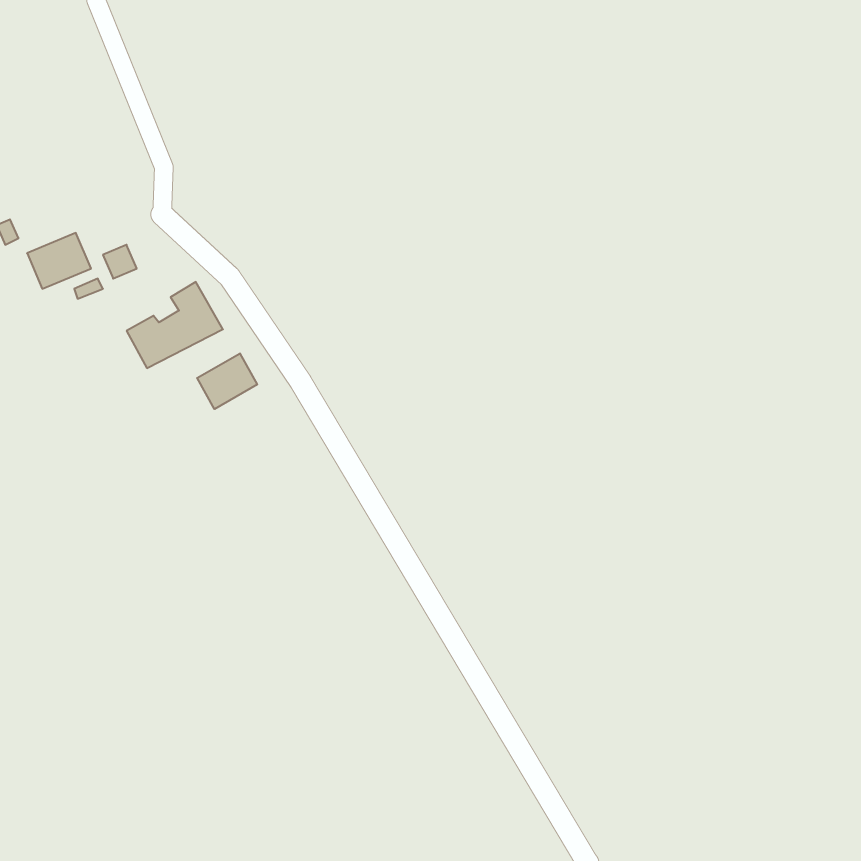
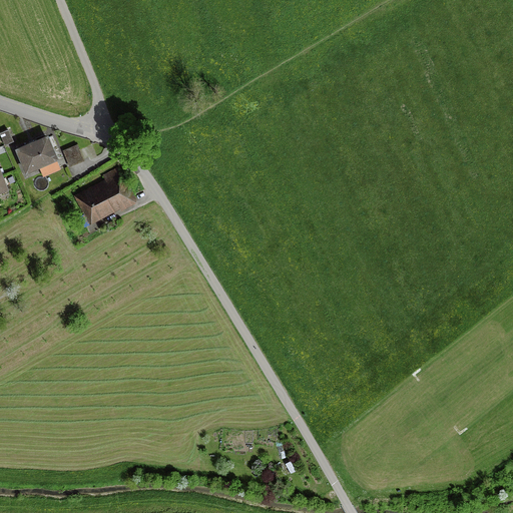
building: [197,353,257,409] -> none

